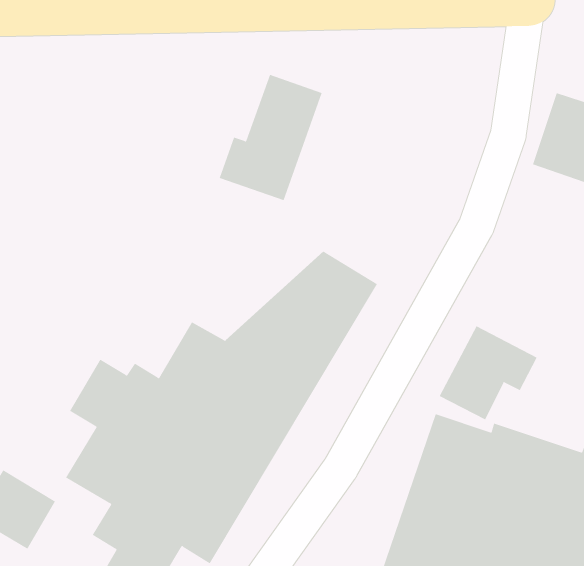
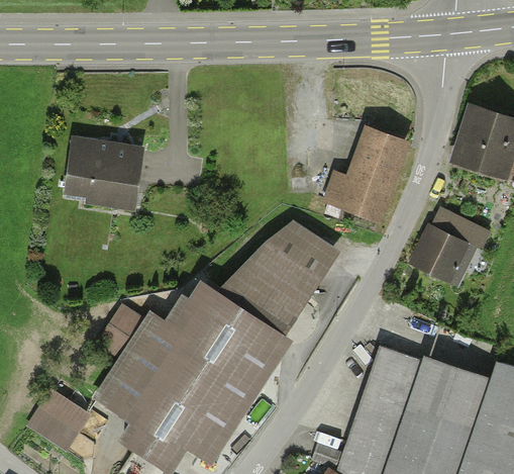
building: [219,74,323,201] -> [329,127,408,223]
building: none -> [67,138,143,202]
building: [439,325,537,420] -> [412,209,487,281]

